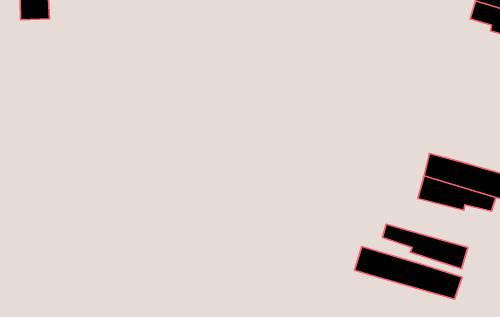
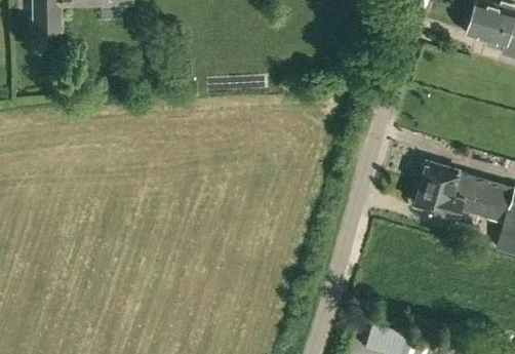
building: [382,224,468,269] -> none
building: [354,247,462,299] -> none

